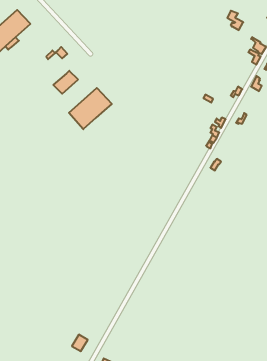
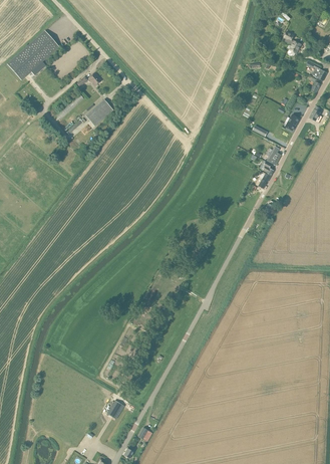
building: [69,88,112,129] -> none

